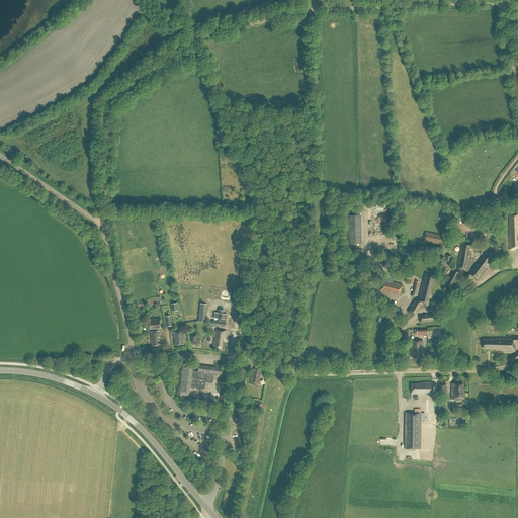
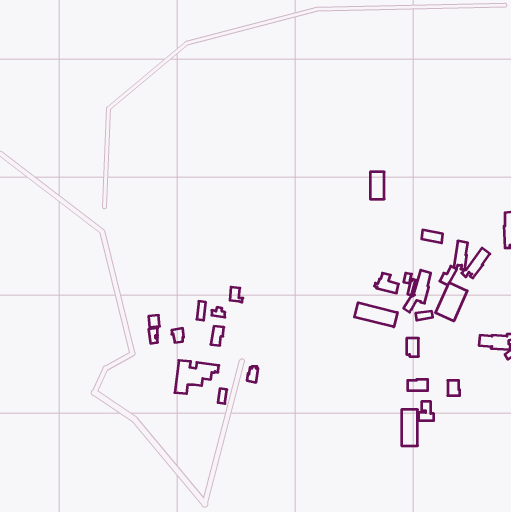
building: [349,217,363,244] -> [370,172,384,199]
building: none -> [436,283,467,321]
building: none -> [354,303,397,327]

